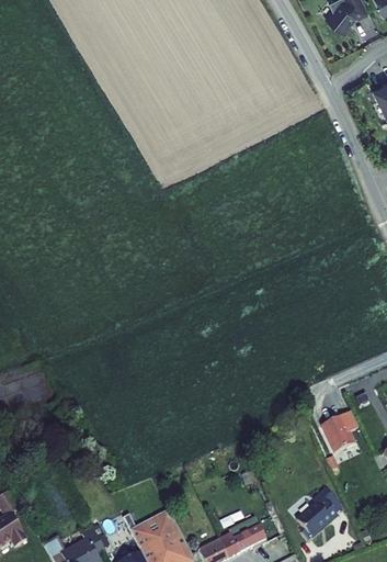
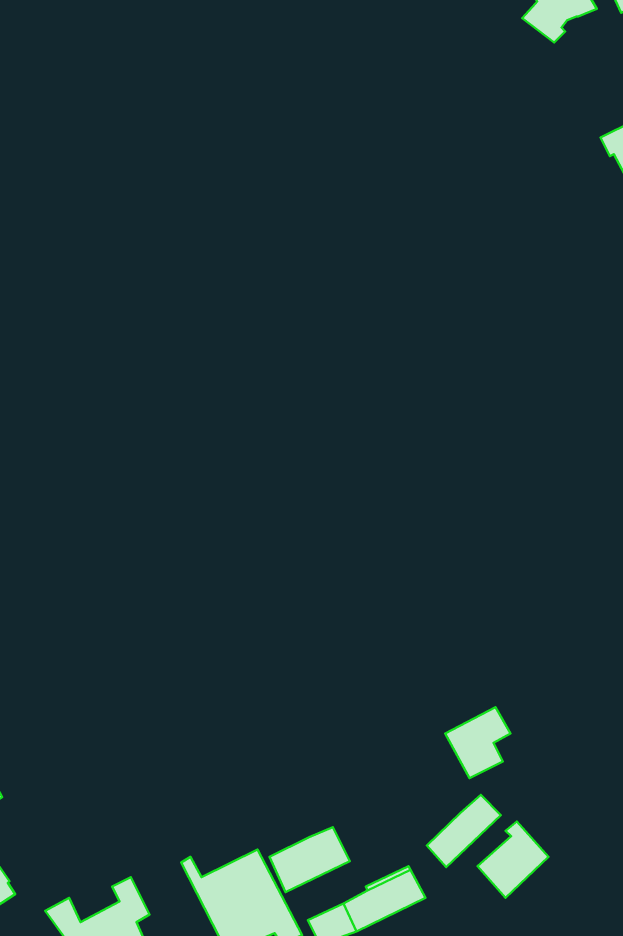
building: [322,412,361,453] -> [445,707,510,778]
building: none -> [427,795,501,867]
building: none -> [269,827,350,892]

